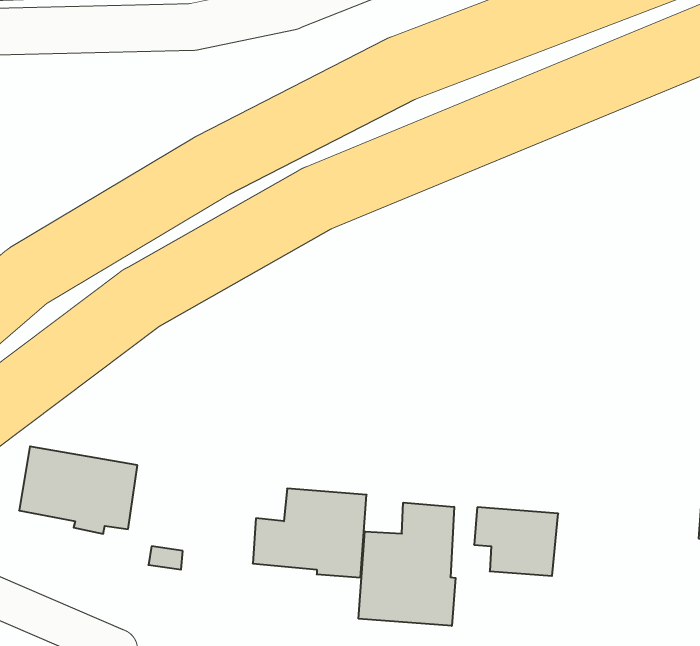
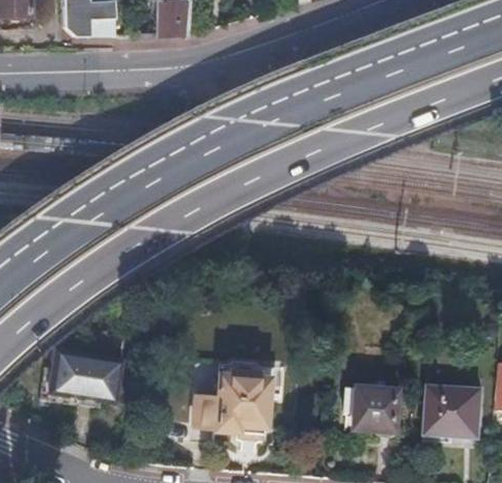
building: [359,503,456,626] -> none
building: none -> [424,386,481,438]

